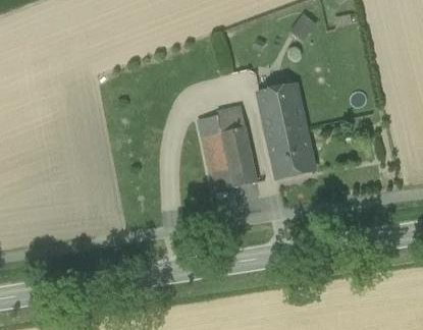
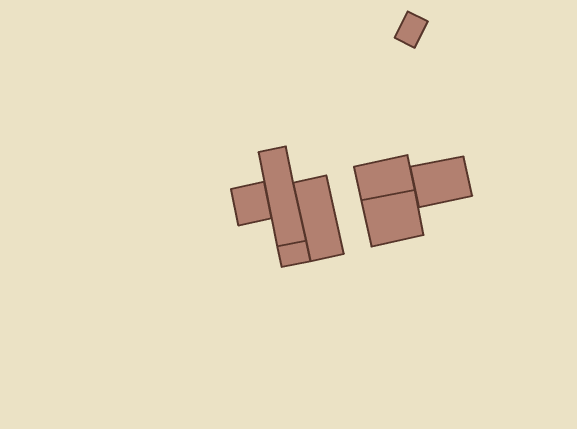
building: [258,87,302,122] -> [410,157,472,207]
building: [216,103,245,133] -> [231,182,272,225]

